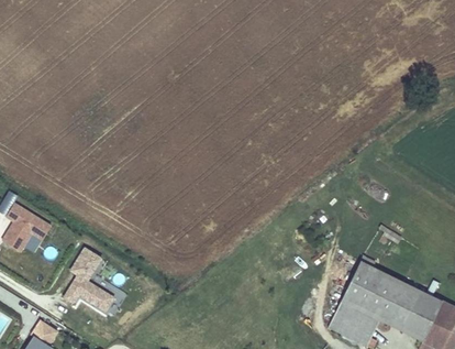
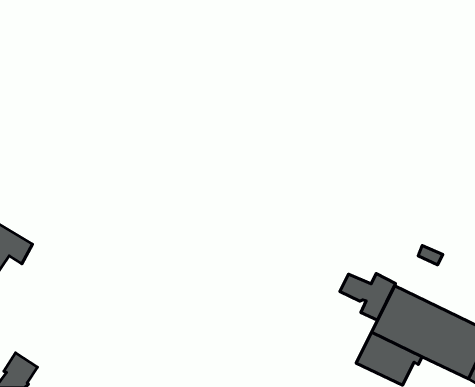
building: [65,248,112,309] -> none
building: none -> [340,273,395,320]

